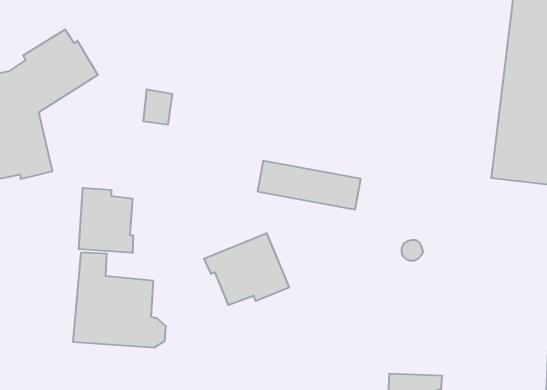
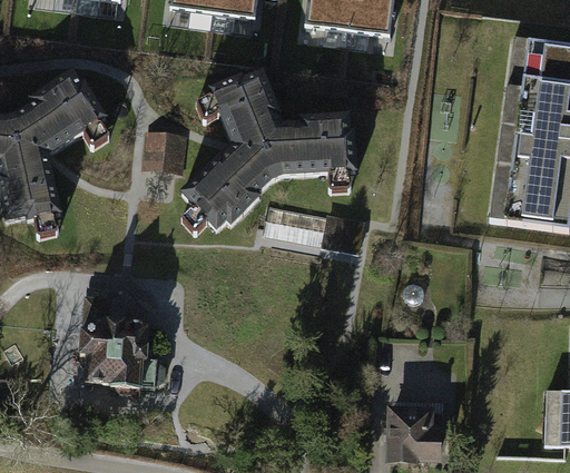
building: none -> [183,73,356,228]
building: [79,188,133,253] -> none
building: [204,233,289,305] -> none

